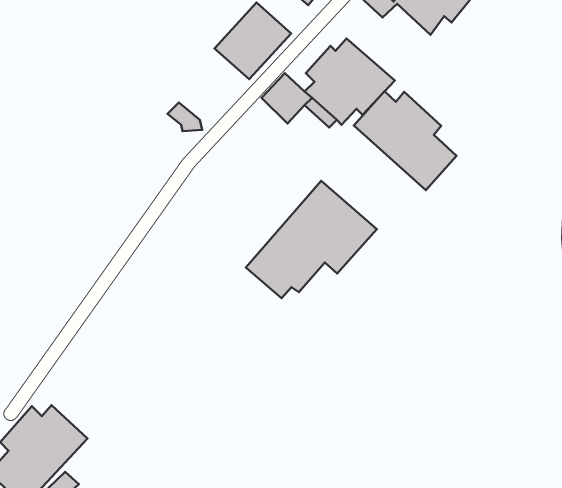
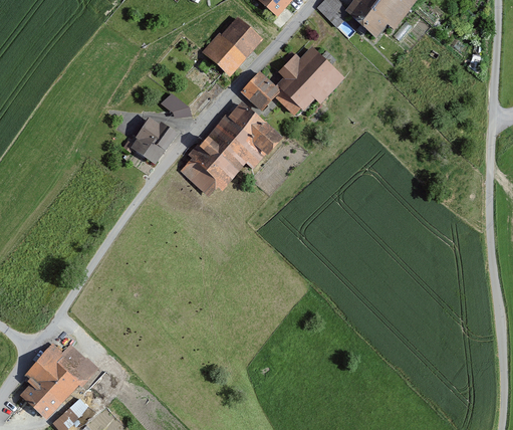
building: [354,91,456,190] -> none
building: none -> [130,119,174,165]
building: [246,181,377,298] -> [178,98,284,194]

